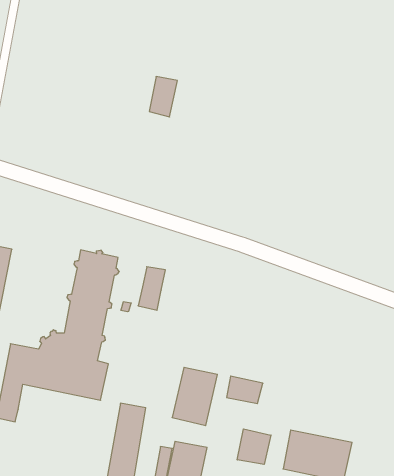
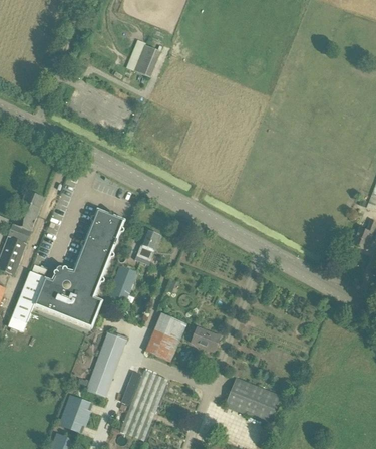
building: [149,77,177,117] -> [134,43,160,76]
building: none -> [110,265,136,300]
building: [237,429,271,464] -> none

